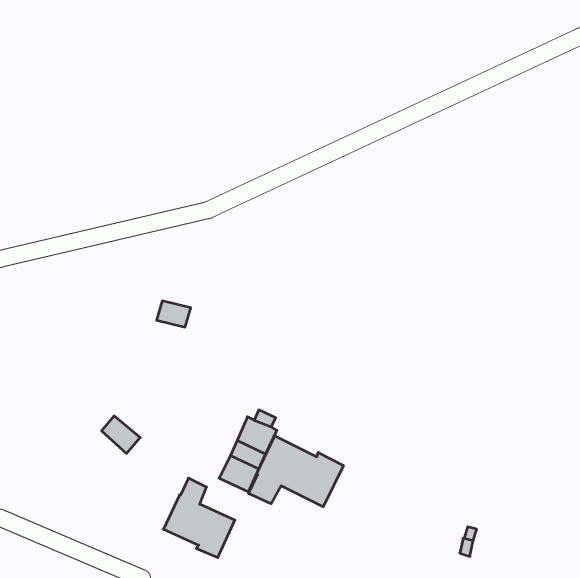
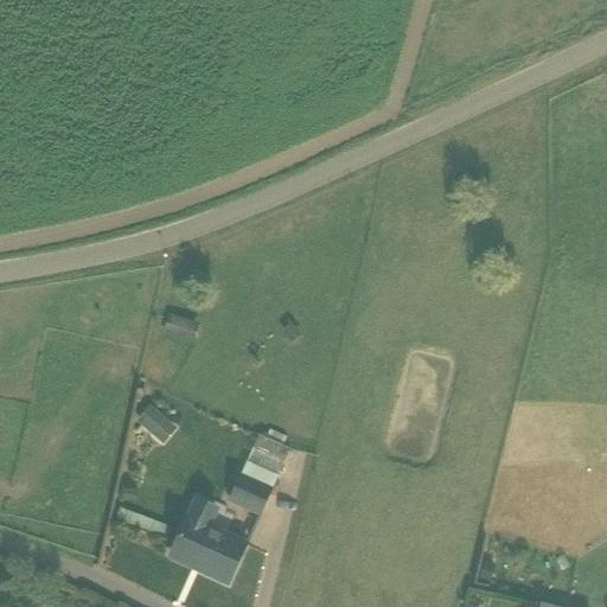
building: [102,416,140,453] -> [138,405,178,445]
building: [249,436,343,507] -> none

